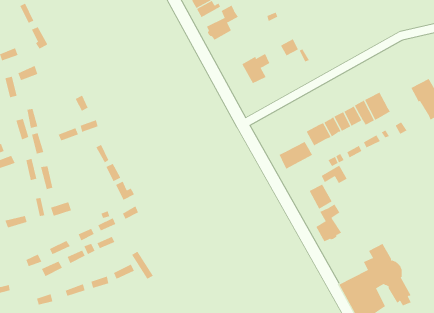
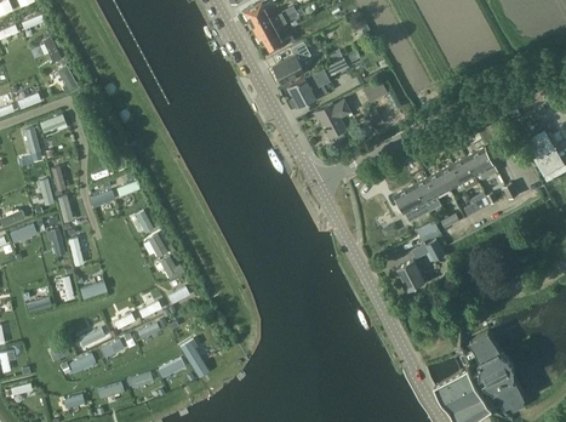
building: none -> [288,57,354,109]
building: [279,141,313,169] -> none
building: [316,204,342,242] -> none

